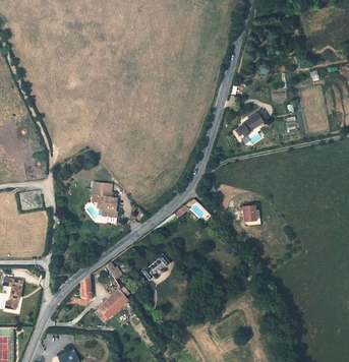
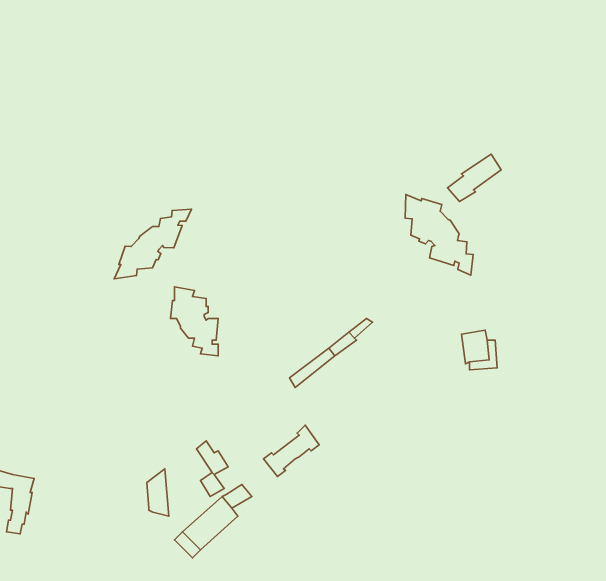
building: none -> [405,194,473,275]
building: none -> [114,209,191,279]

